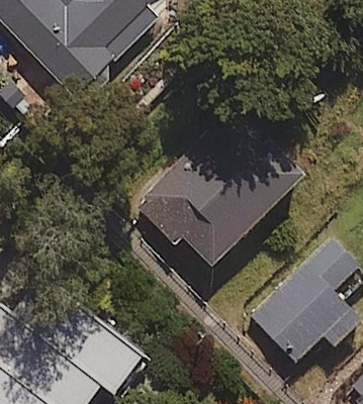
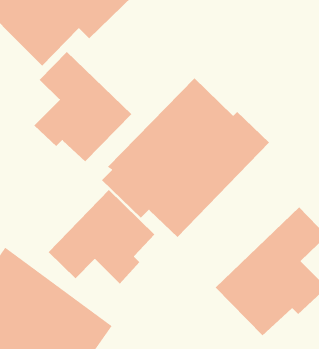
building: none -> [33,51,132,162]
building: none -> [48,189,155,284]

